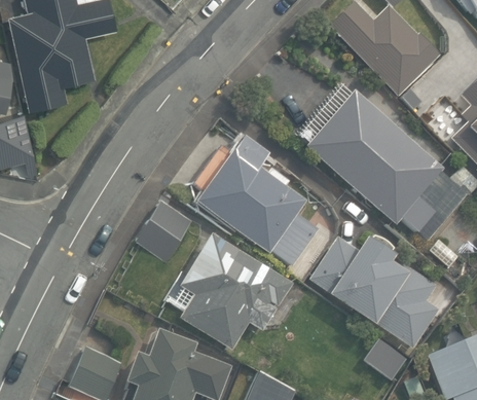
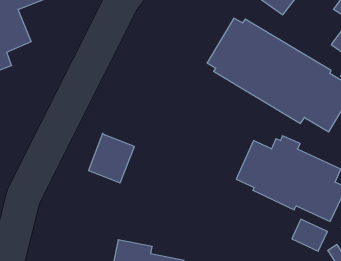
building: [194,138,319,265] -> none
building: [174,234,292,351] -> none

